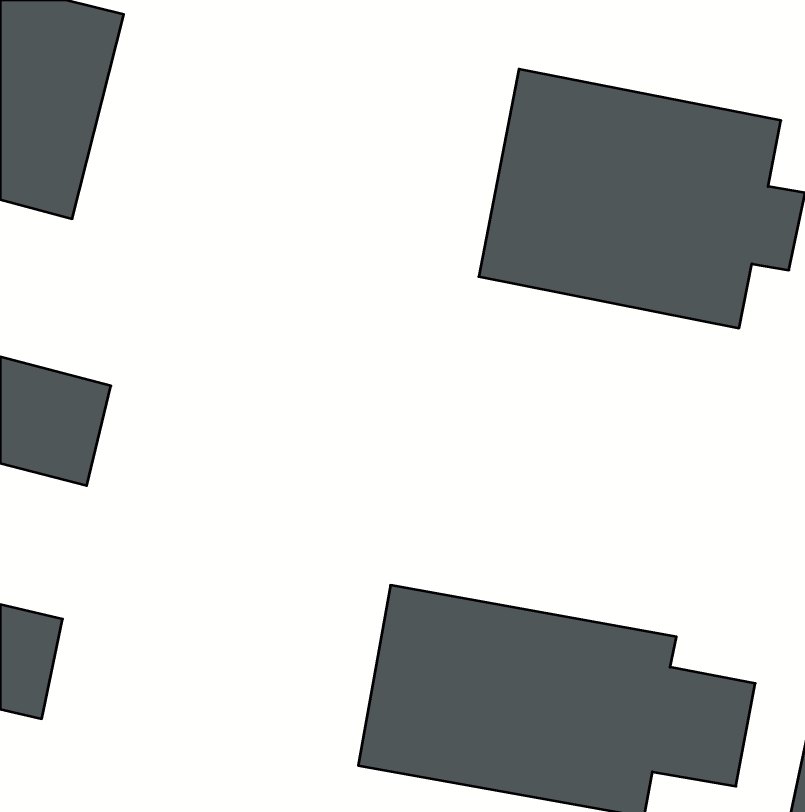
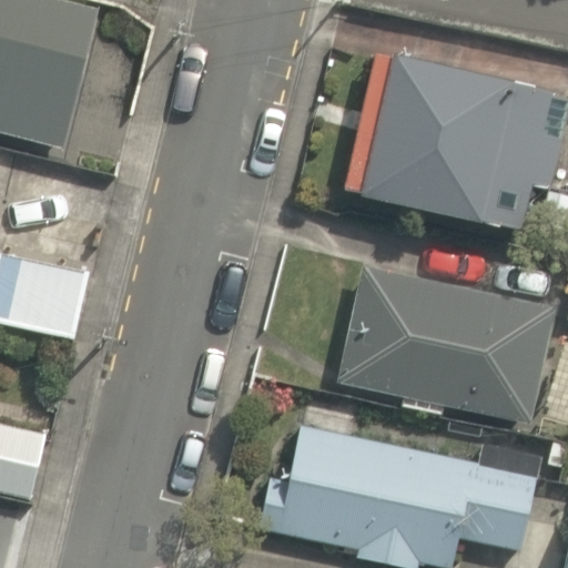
building: none -> [343,262,550,418]

